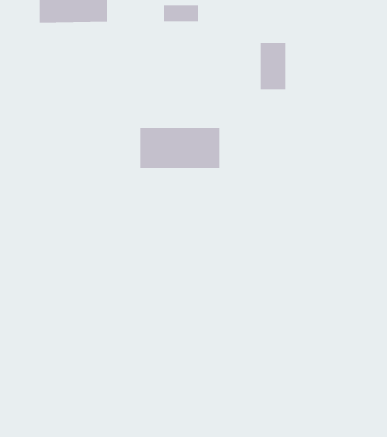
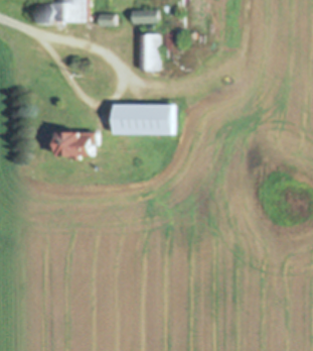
building: [260,42,286,90] -> [138,33,158,70]
building: none -> [54,131,94,156]

